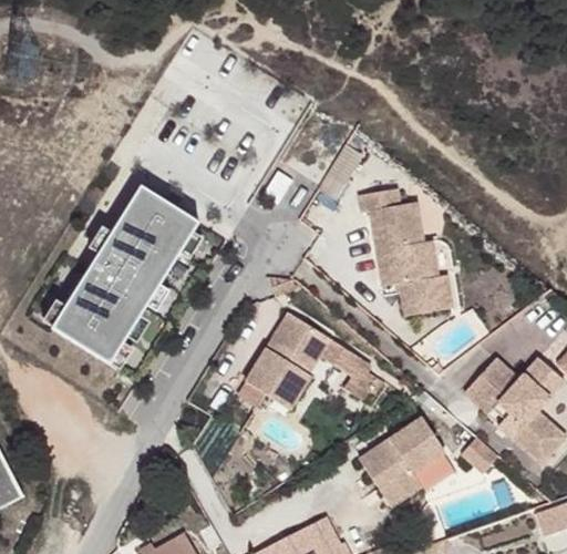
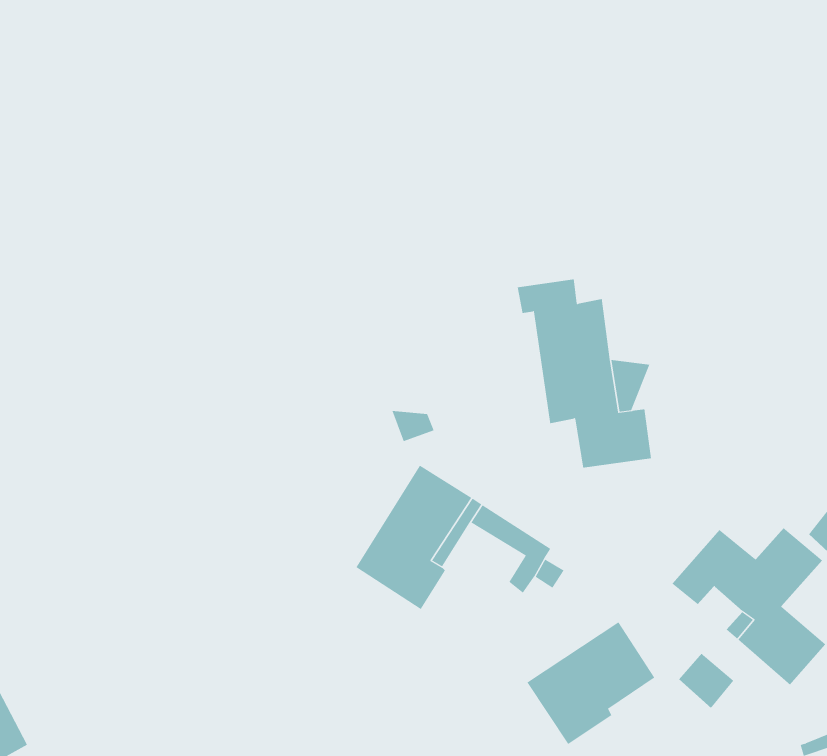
building: [54,191,194,360] -> none

